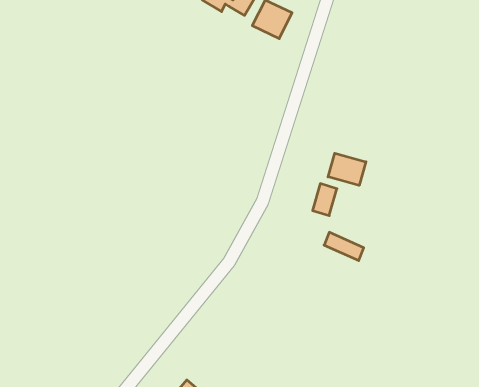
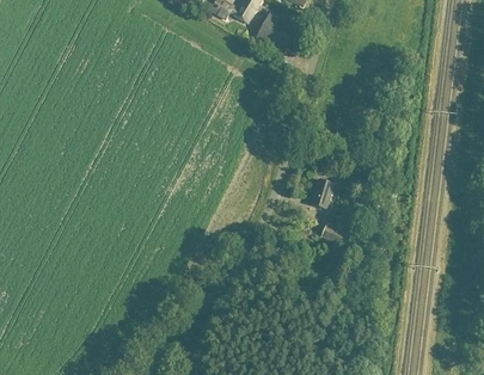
building: [328,153,366,185] -> none

